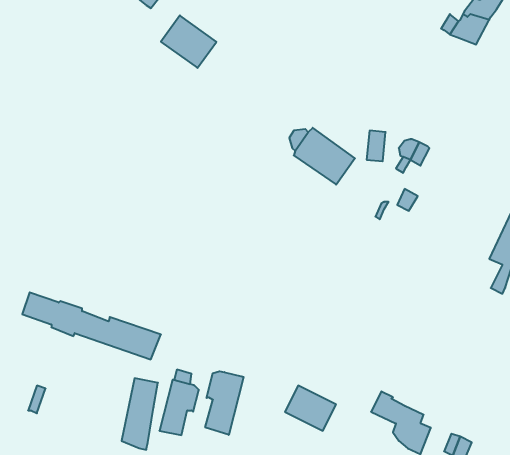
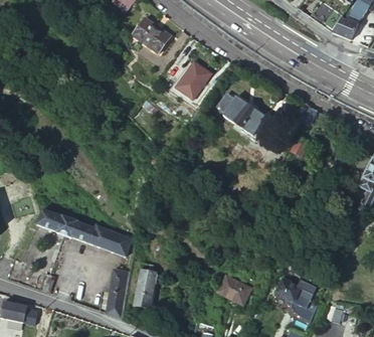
building: none -> [174,59,210,97]
building: [205,371,244,435] -> none

